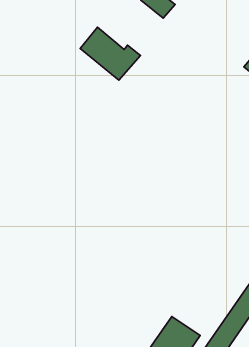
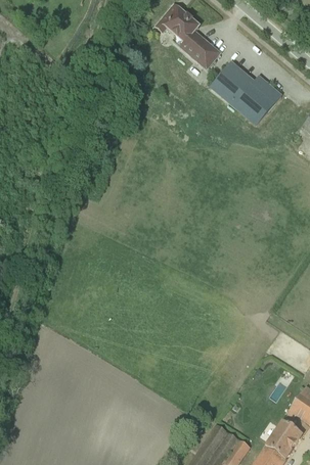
building: [80,27,140,80] -> [210,61,281,125]

